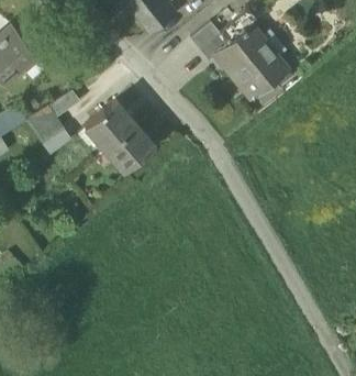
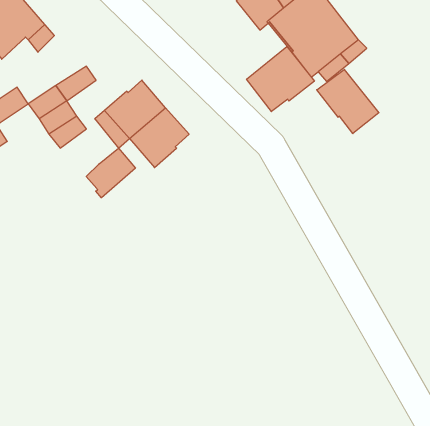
building: none -> [247,47,314,112]
building: none -> [317,69,379,134]
building: none -> [86,148,135,198]

